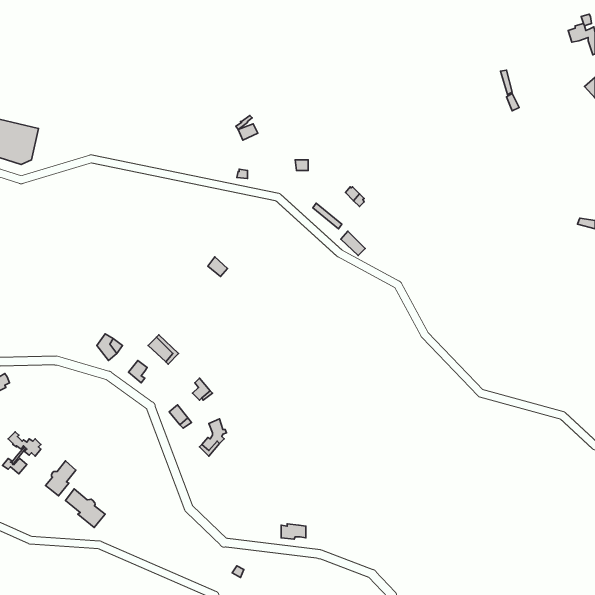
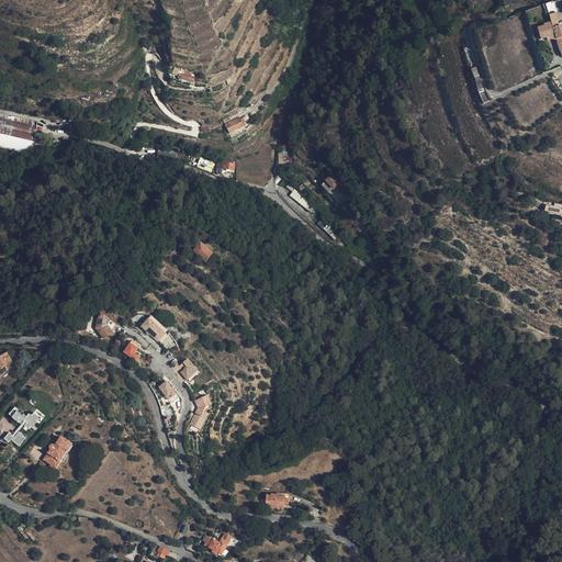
building: [66,489,105,528] -> none

